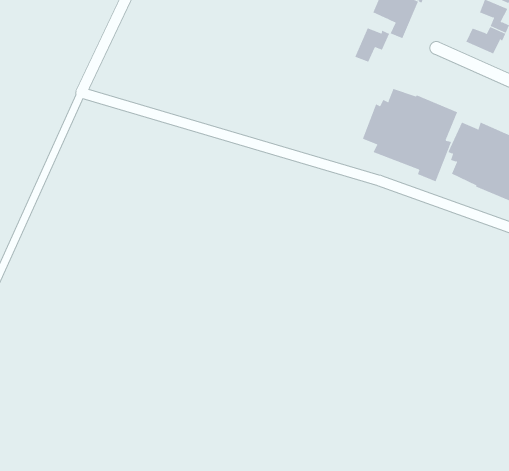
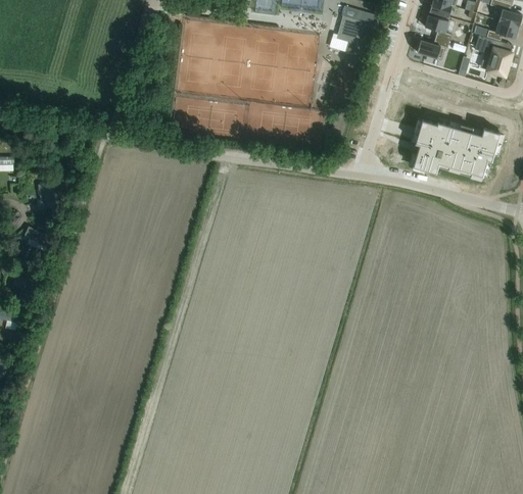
building: [355,27,390,62] -> none
building: [362,88,458,182] -> none

